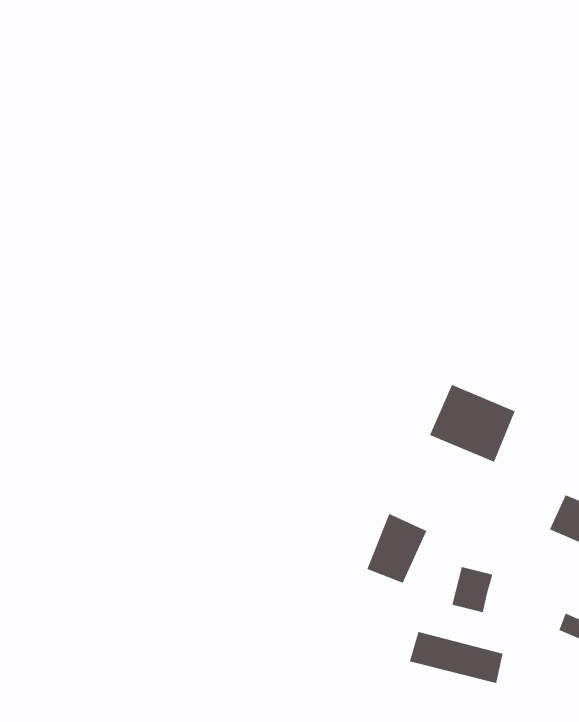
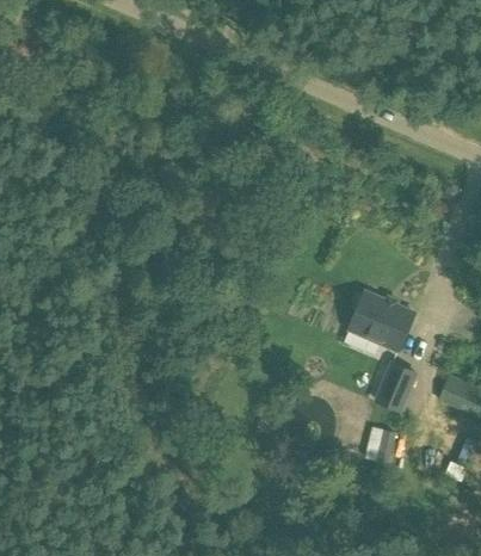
building: [366,513,427,583] -> [374,360,419,413]
building: [409,631,503,684] -> none

